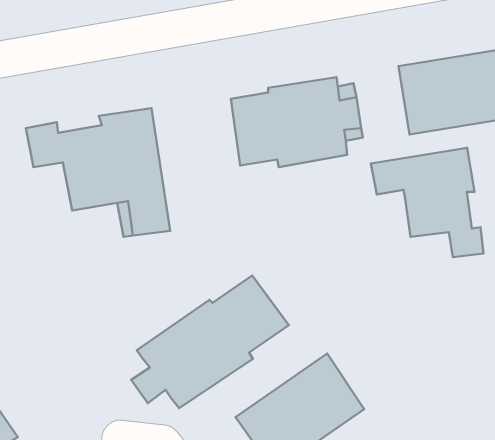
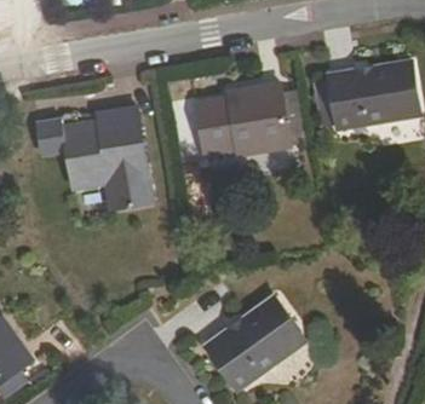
building: [371,148,484,257] -> none
building: [131,276,289,408] -> none

